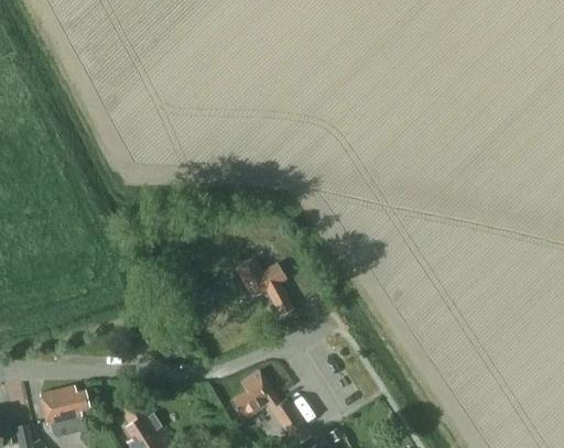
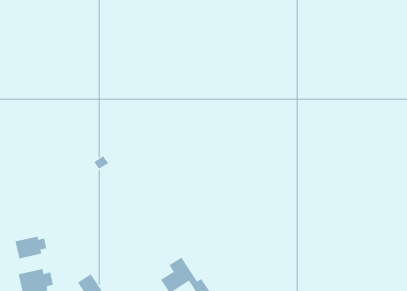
building: [235,258,293,316] -> none
building: none -> [15,236,47,259]

